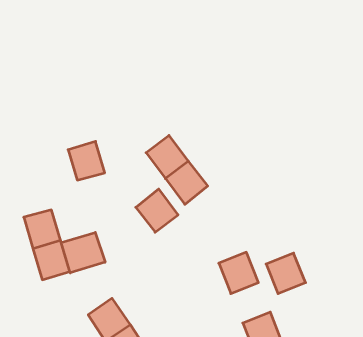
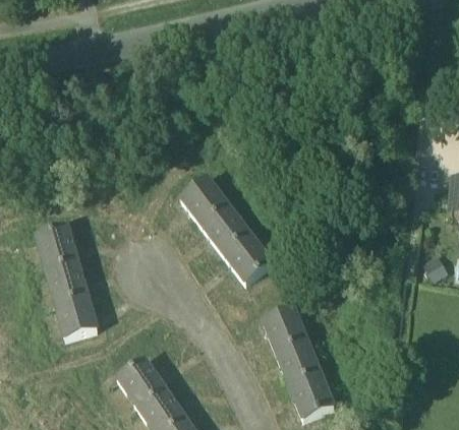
building: [68,141,105,180] -> [36,225,76,267]
building: [136,189,178,232] -> [224,233,271,281]
building: [61,232,105,273] -> none
building: [266,253,306,294] -> [275,340,319,384]

